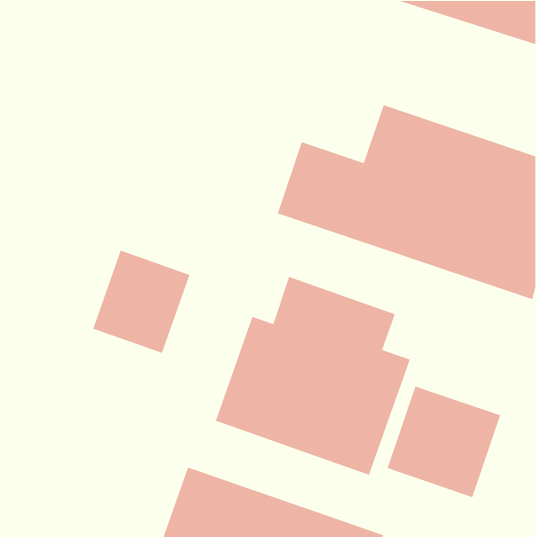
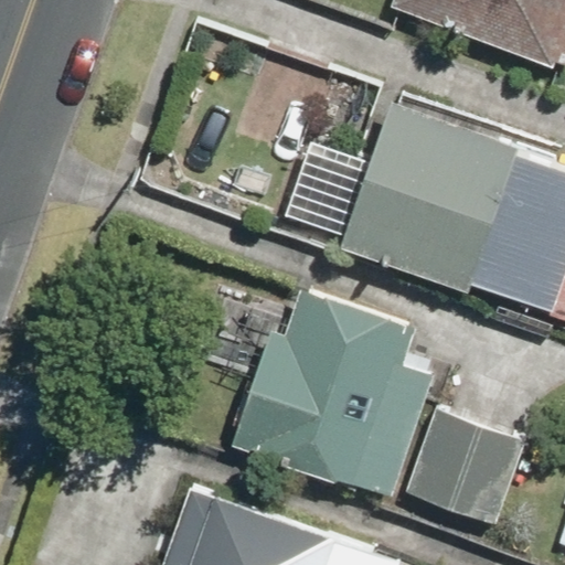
building: [92,250,190,354] -> none

